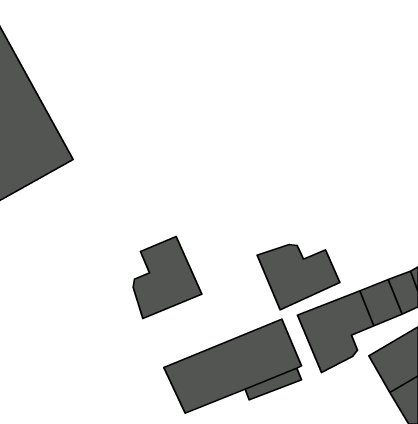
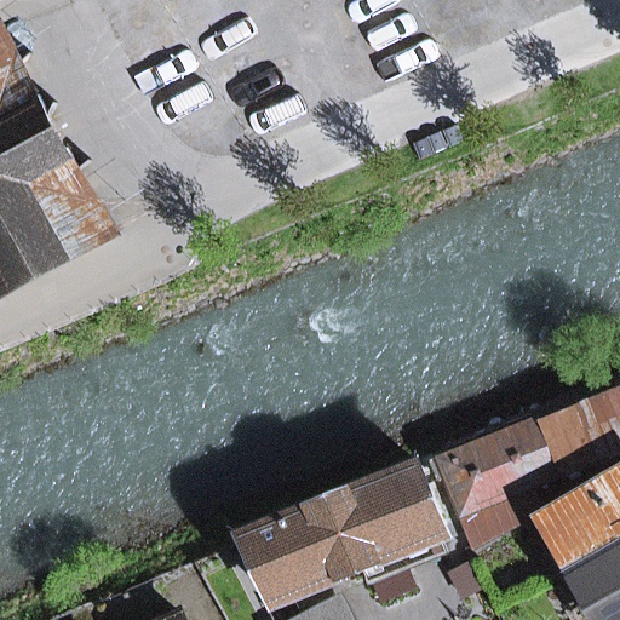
building: [133,237,202,318] -> none
building: [257,244,340,310] -> none

